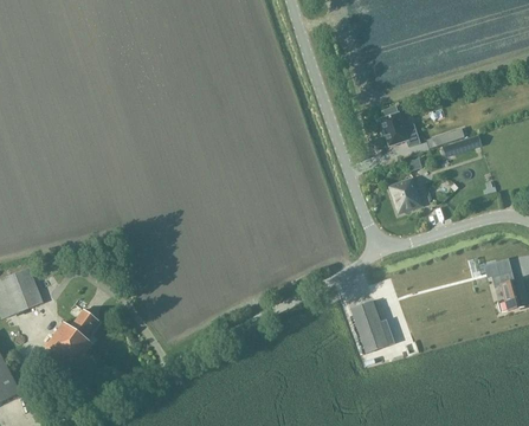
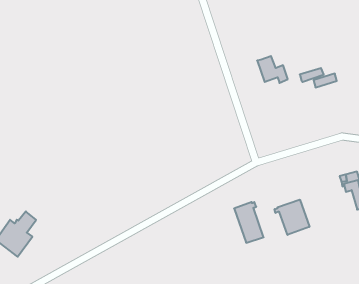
building: [387,178,421,214] -> none
building: none -> [275,200,309,235]

